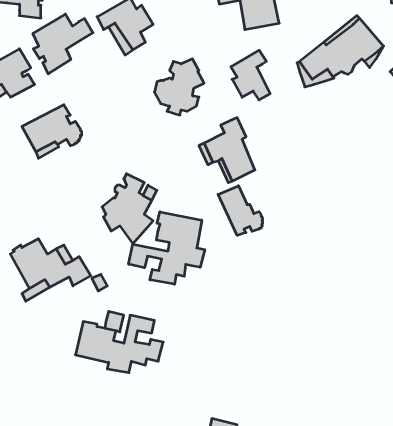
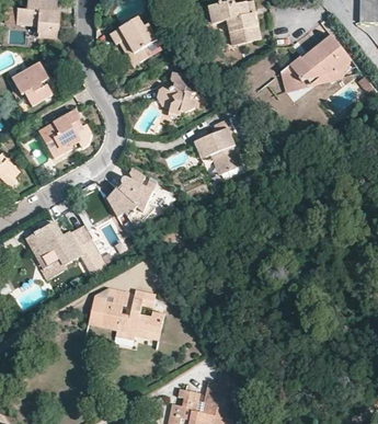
building: [33,14,93,74] -> none
building: [231,50,270,100] -> none
building: [218,186,263,235] -> none
building: [129,212,205,284] -> none

